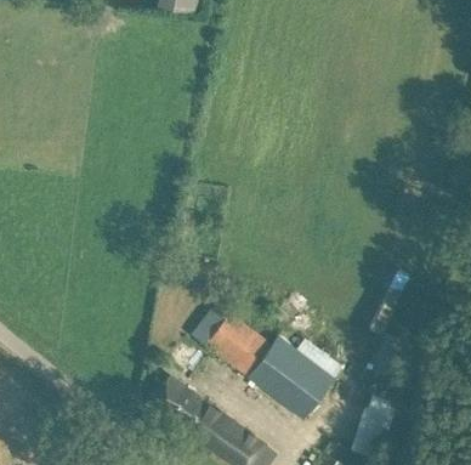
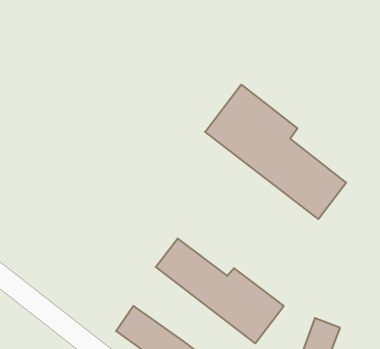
building: none -> [205,85,346,219]

